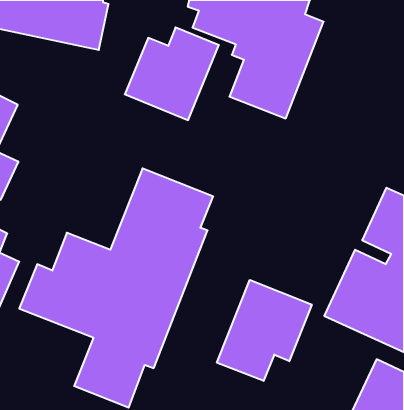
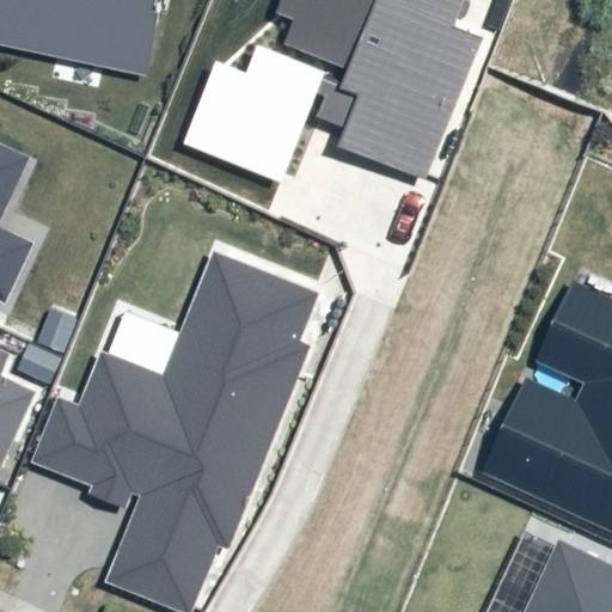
building: [217,280,312,381] -> none

